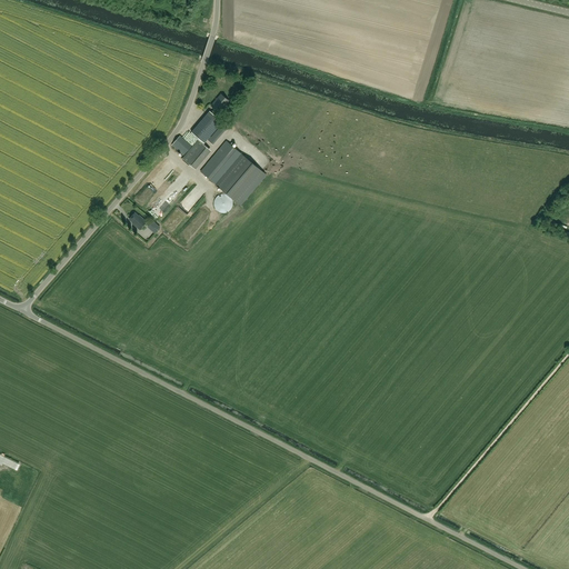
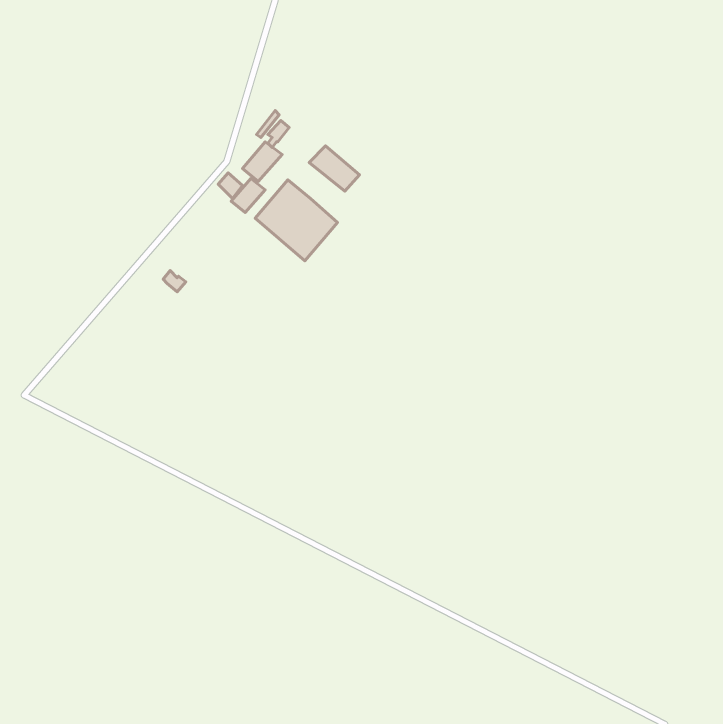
building: none -> [309,146,360,191]

